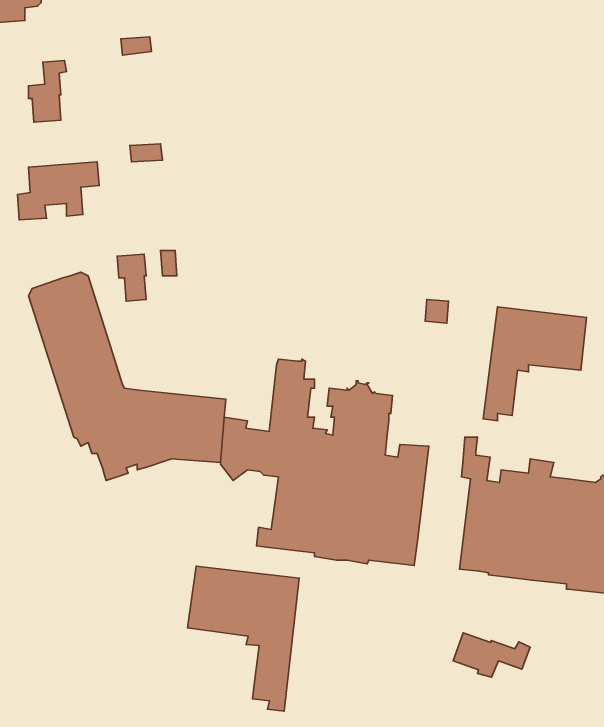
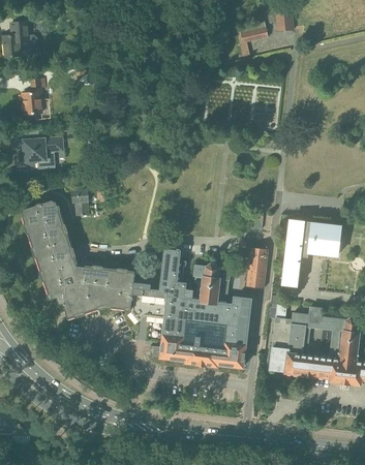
building: none -> [247,247,269,288]
building: [188,566,299,711] -> none
building: [453,633,530,677] -> none

